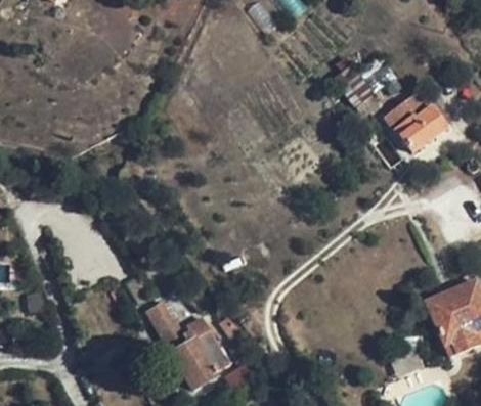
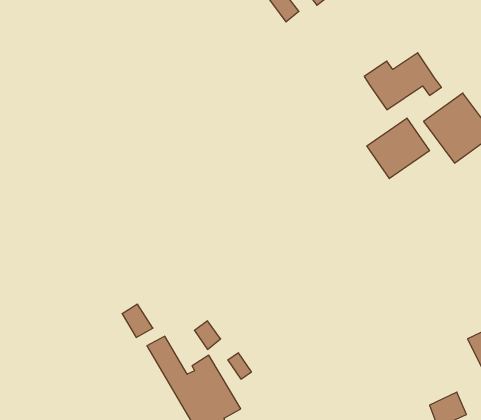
building: none -> [367,118,429,179]

